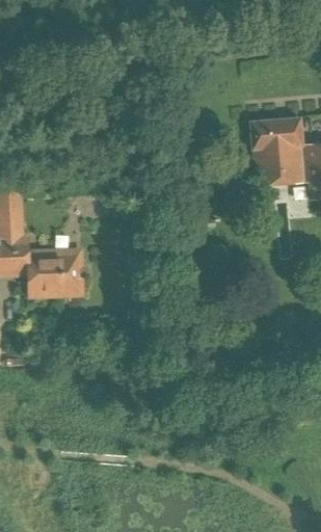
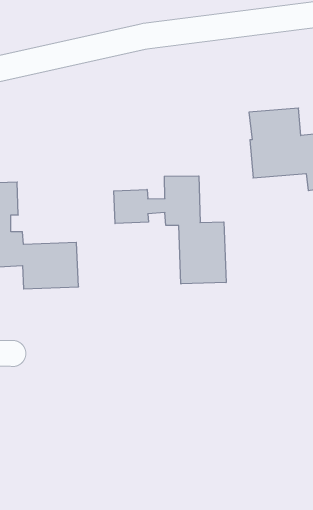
building: none -> [114,176,226,284]

